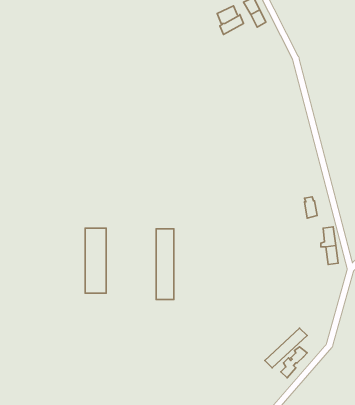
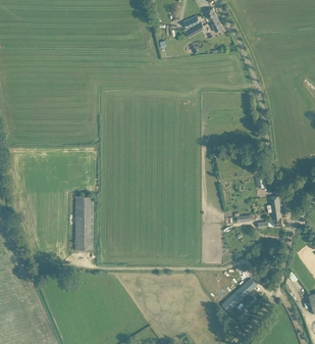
building: [156,229,174,299] -> none

